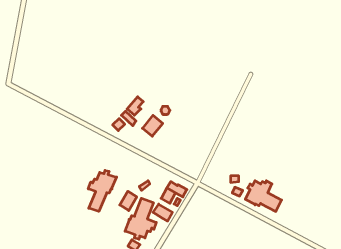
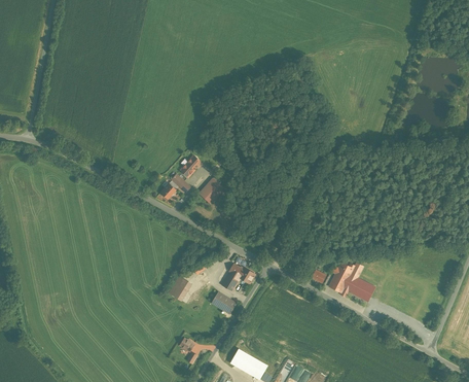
building: [88,170,117,211] -> none
building: [125,198,156,239] -> none

